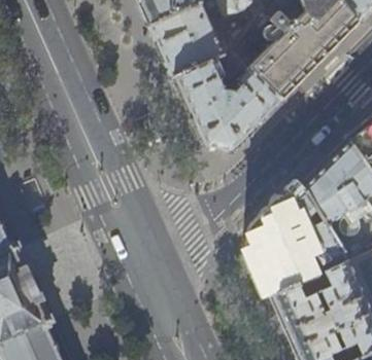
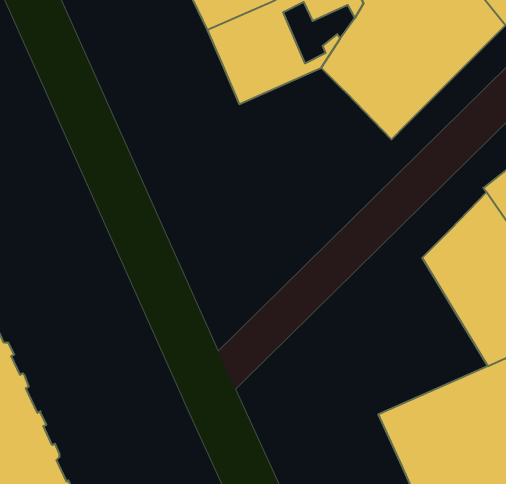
building: [173,51,280,151] -> none
building: [253,185,348,295] -> none

